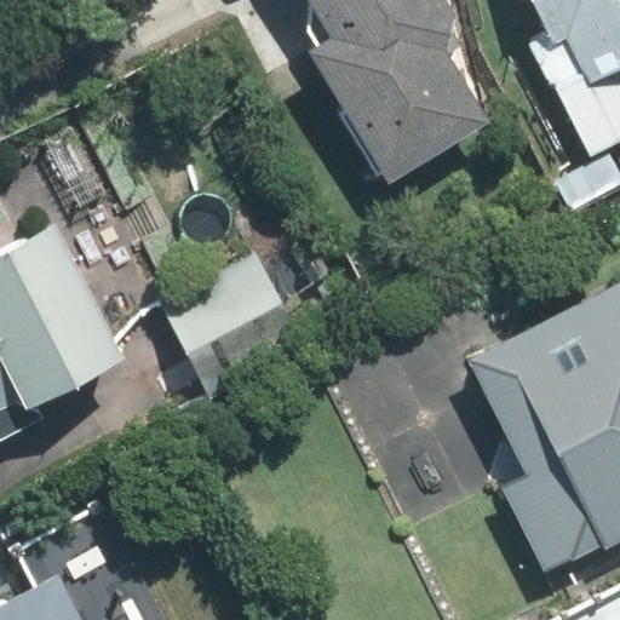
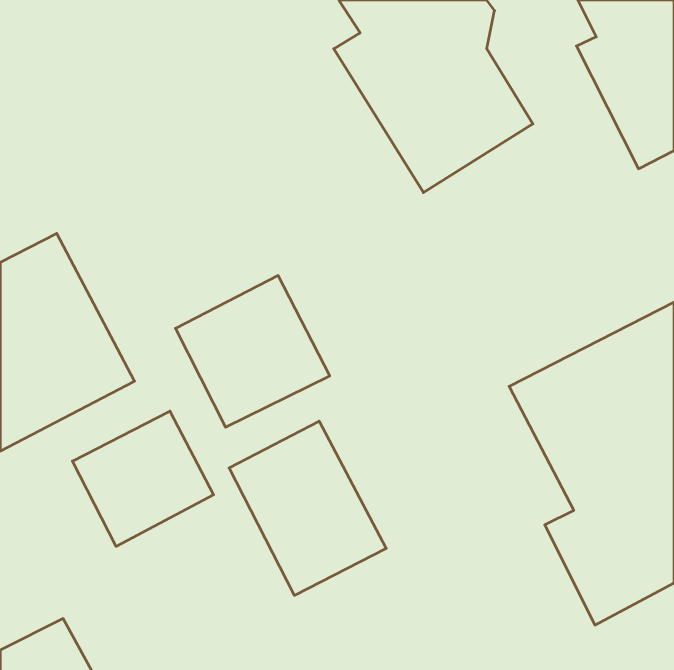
building: none -> [72,411,214,546]
building: none -> [229,421,386,595]

